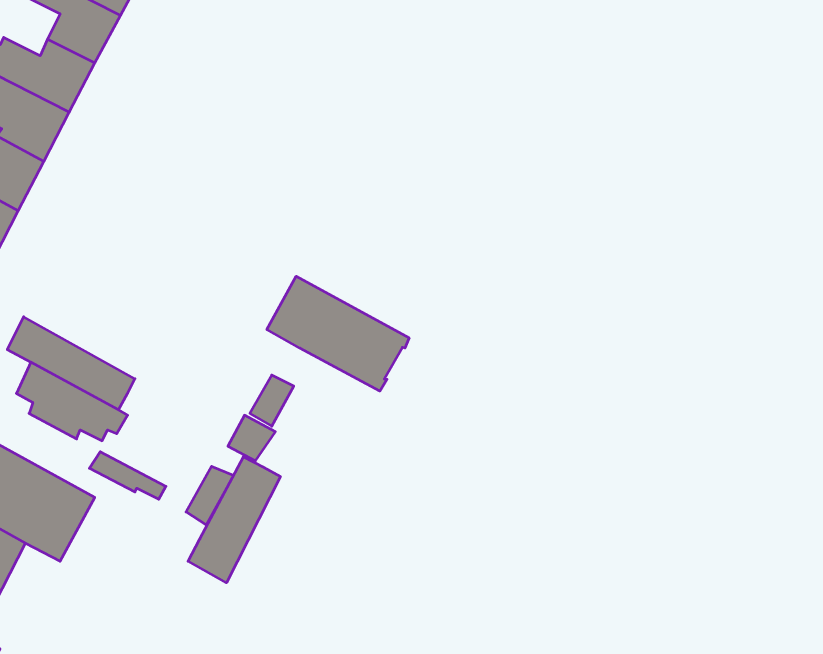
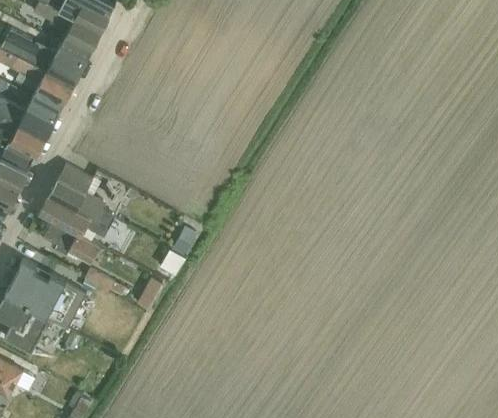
building: none -> [48,164,115,229]
building: [267,276,409,391] -> none
building: [188,457,280,583] -> none

